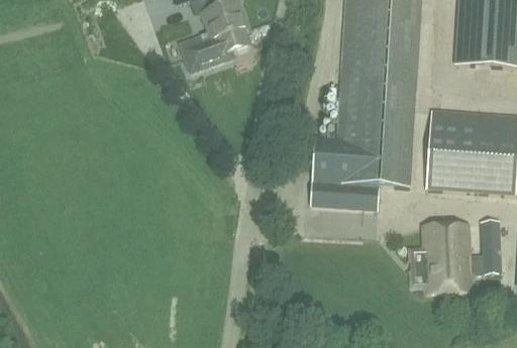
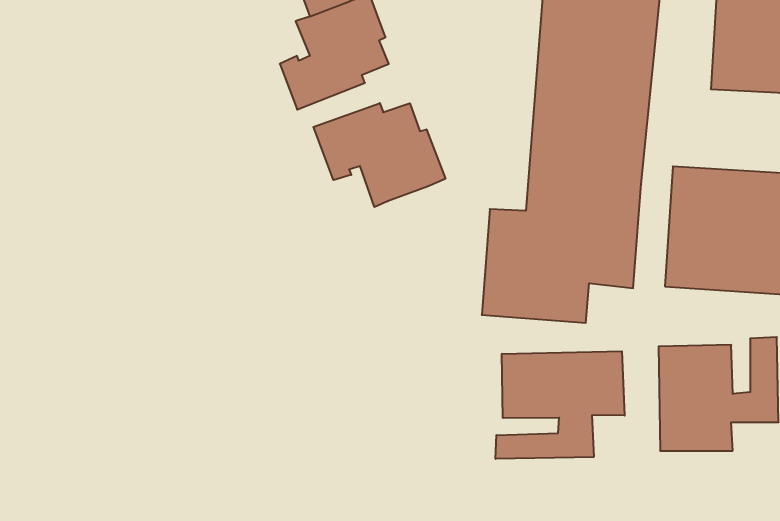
building: none -> [313,103,445,207]
building: none -> [496,351,625,459]

